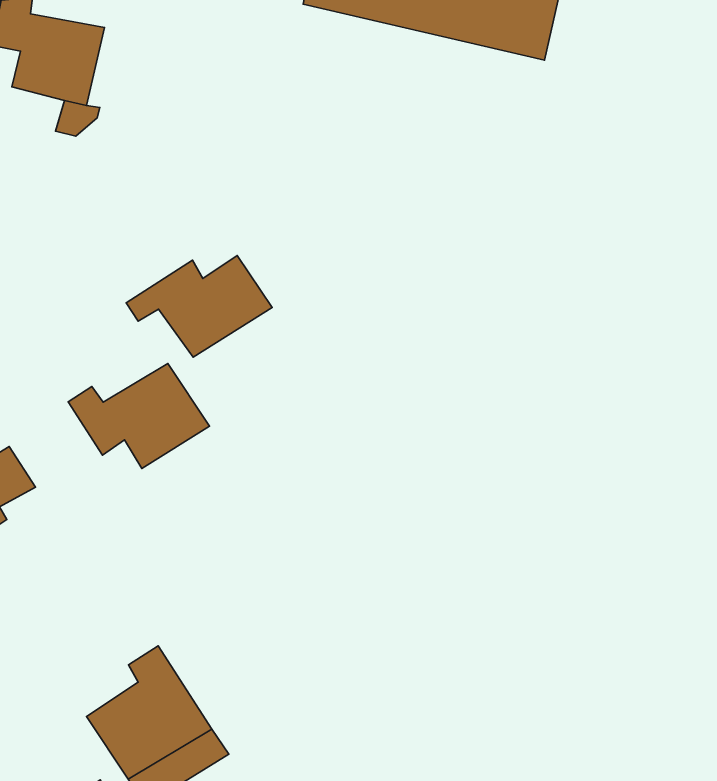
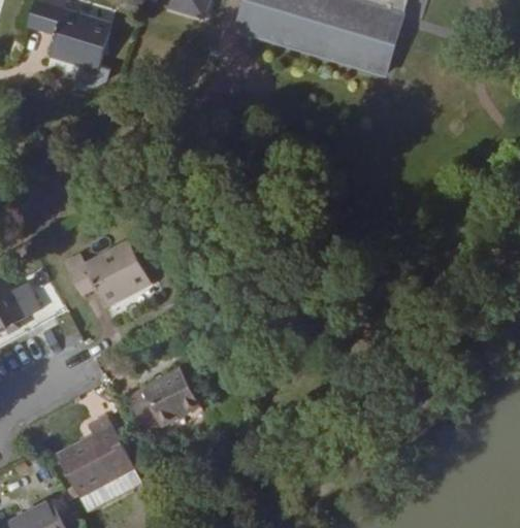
building: [126,256,272,357] -> none
building: none -> [128,365,201,430]

